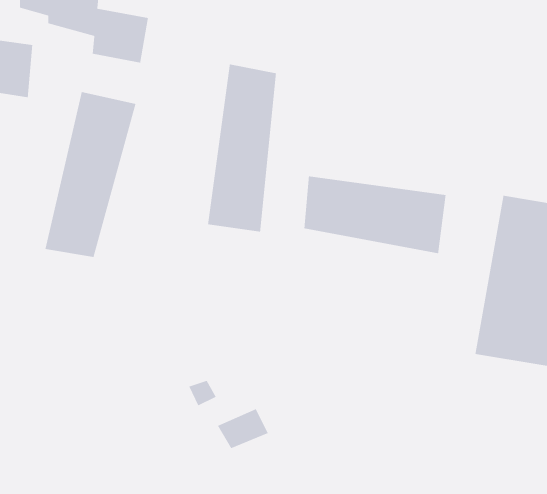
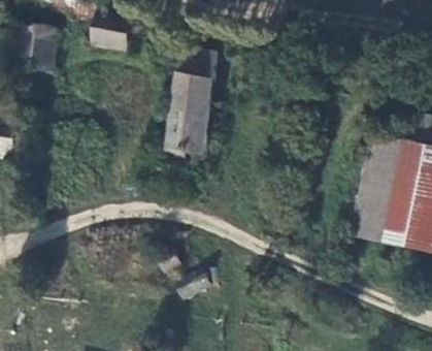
building: [45,91,136,258] -> none
building: [303,176,447,254] -> none

